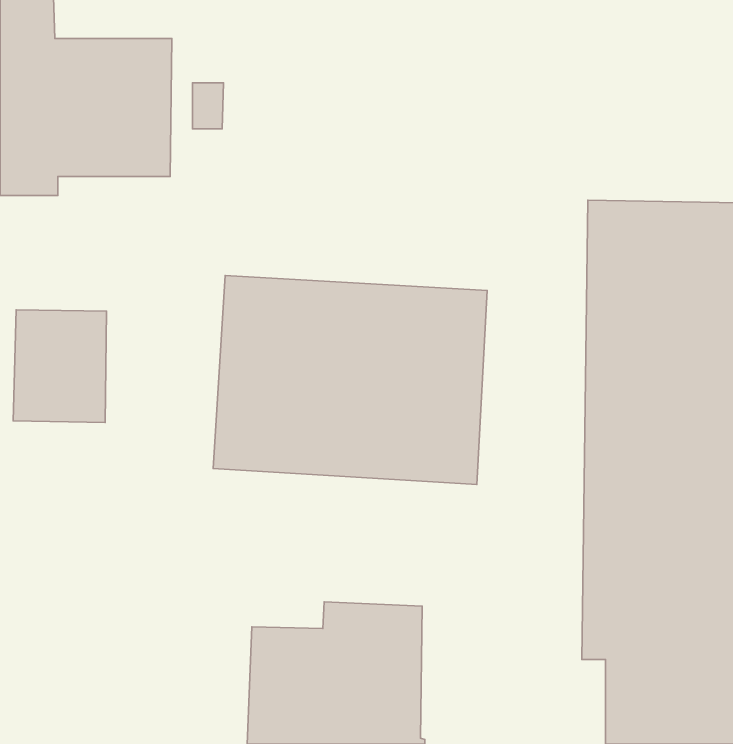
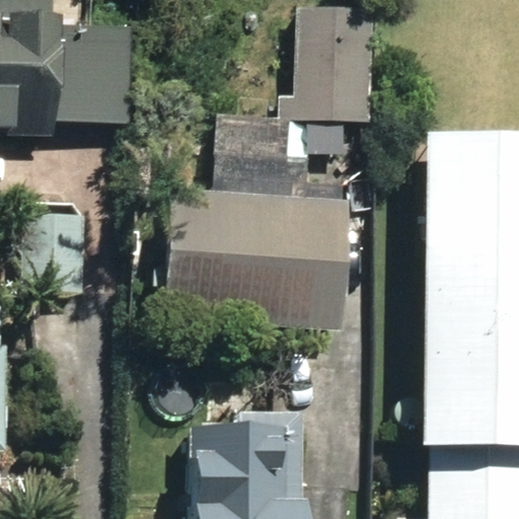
building: none -> [230,6,376,152]

